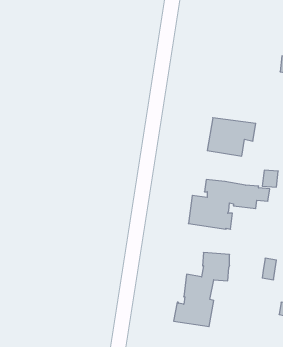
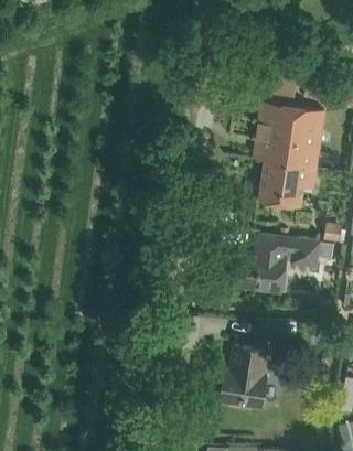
building: none -> [254,101,323,168]

